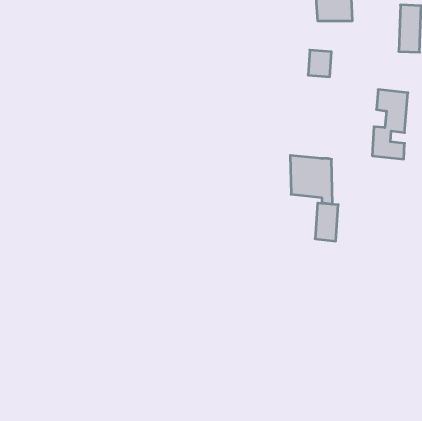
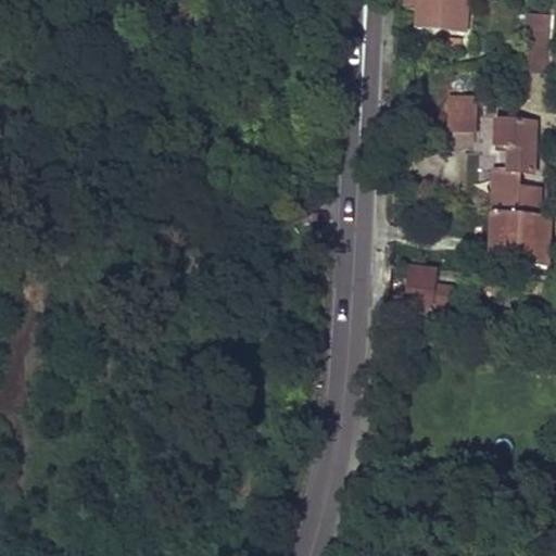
building: [308,50,331,77] -> [451,93,481,128]
building: [290,155,332,204] -> [490,204,545,268]

